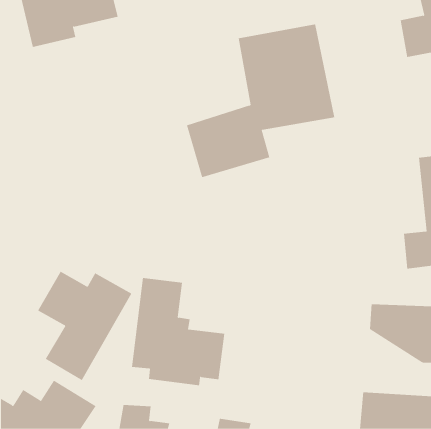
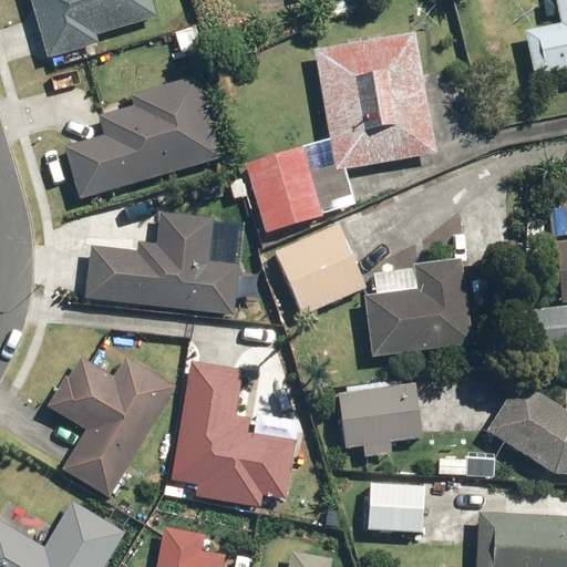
building: none -> [64,74,223,199]
building: none -> [83,210,244,317]
building: none -> [275,227,362,313]
building: none -> [365,258,467,358]
building: none -> [336,379,423,457]
building: none -> [365,482,430,534]

